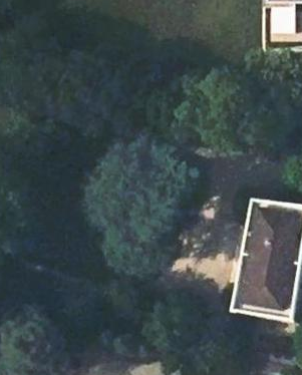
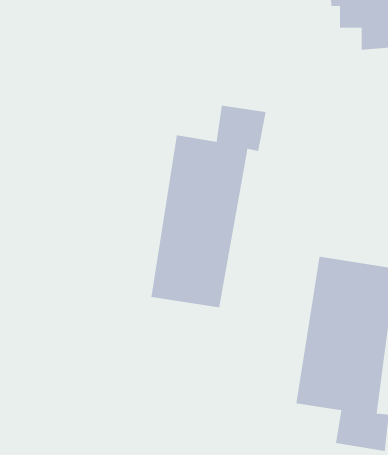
building: none -> [151,105,266,308]

